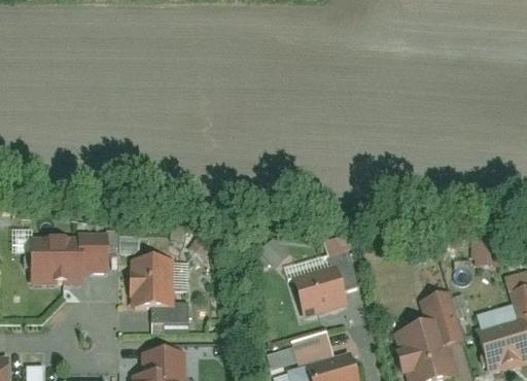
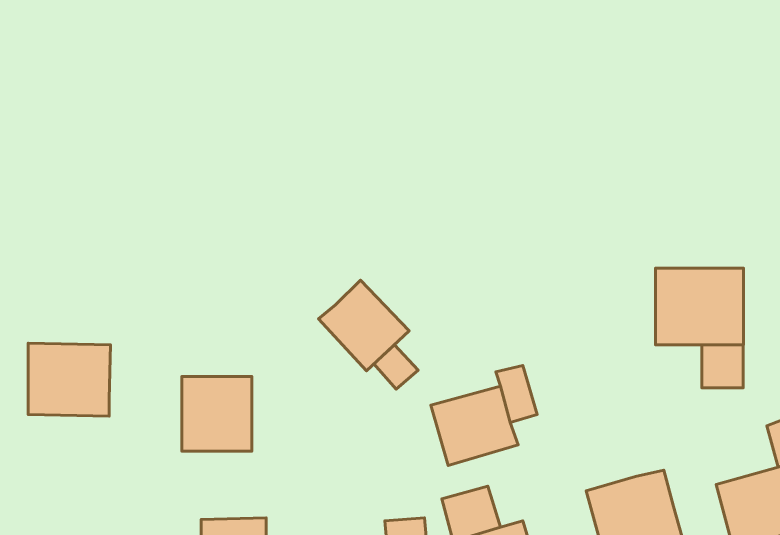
building: none -> [655,268,743,345]
building: none -> [319,280,409,371]
building: [82,232,108,273] -> none
building: [418,291,463,343] -> none
building: [150,307,189,323] -> none

